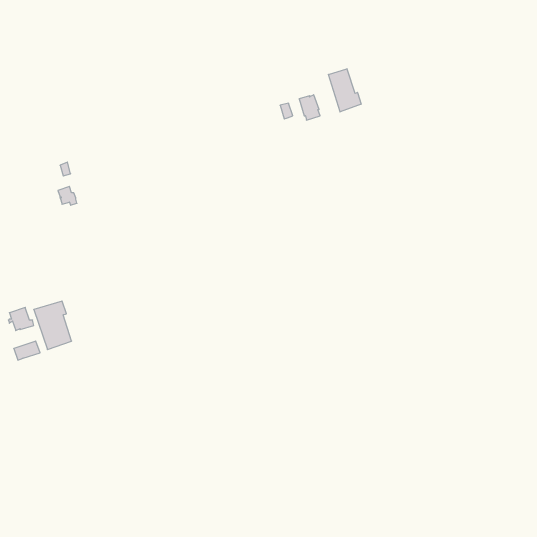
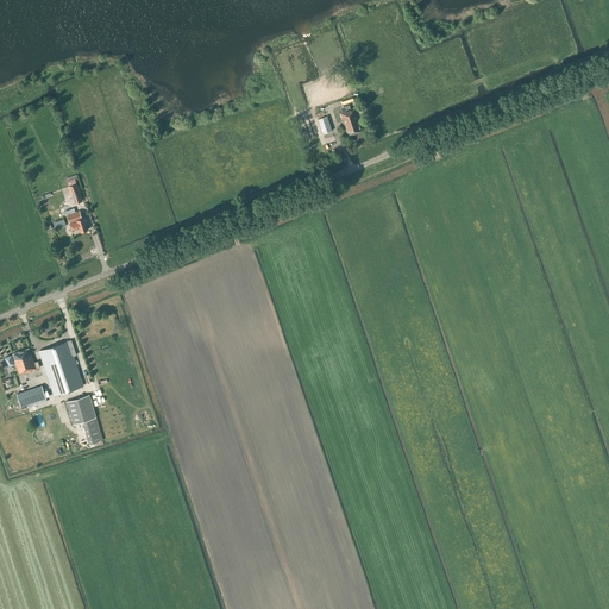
building: [328,69,361,112] -> none
building: none -> [65,396,102,445]

